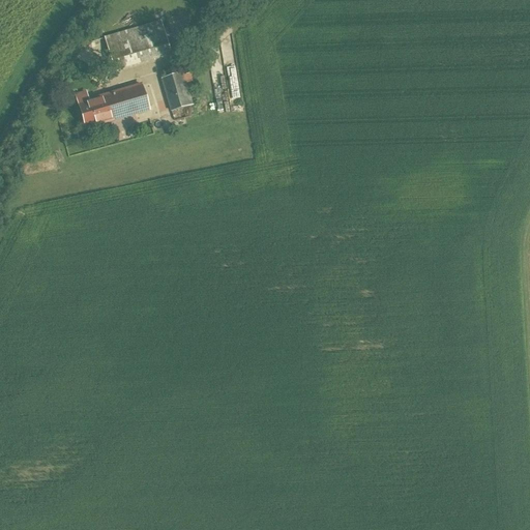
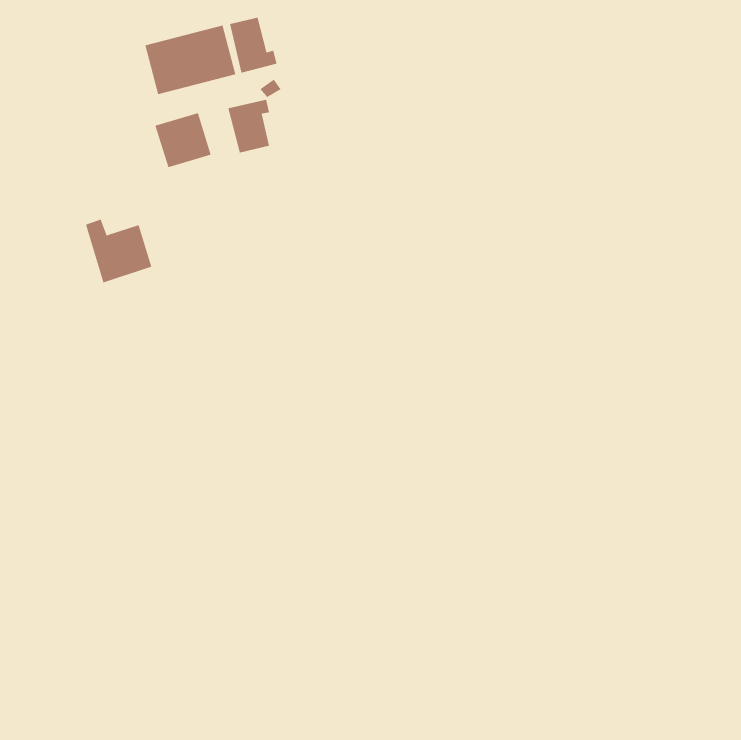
building: none -> [230,17,277,73]
building: [71,85,119,130] -> [85,219,152,283]

